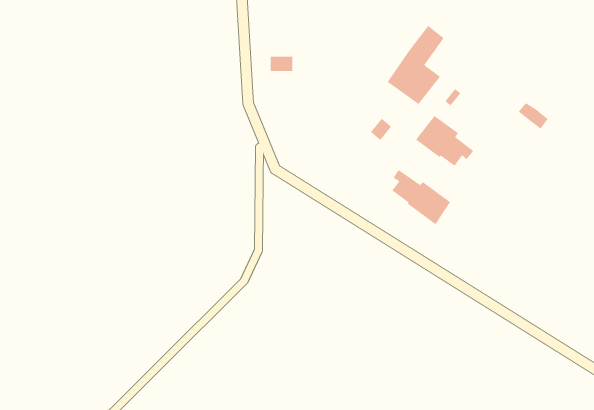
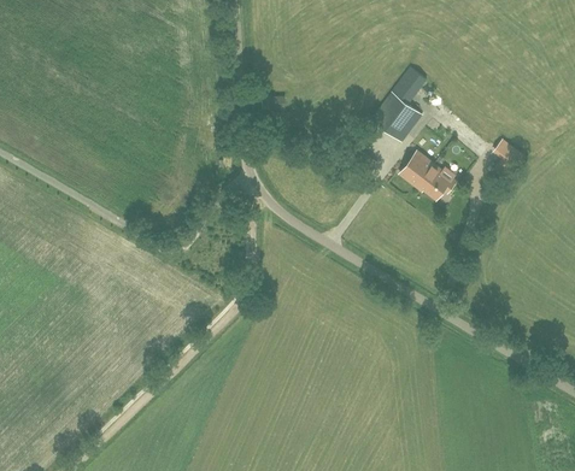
building: [392,169,451,225] -> none

